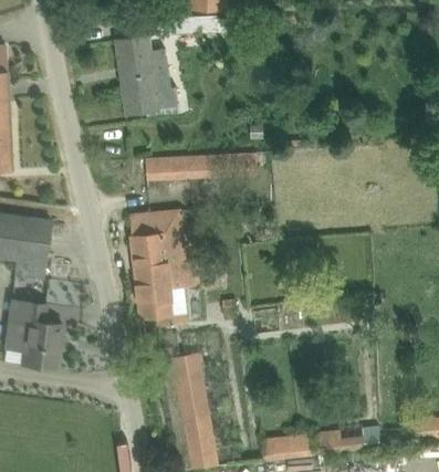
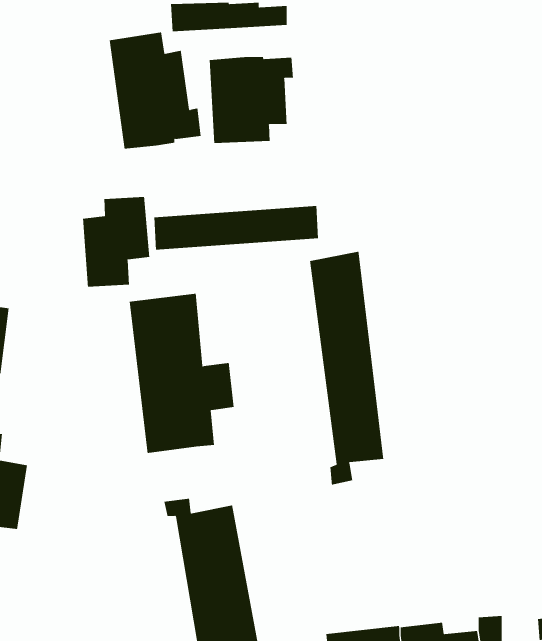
building: none -> [209,56,294,144]
building: none -> [83,196,150,288]
building: none -> [310,251,384,485]

